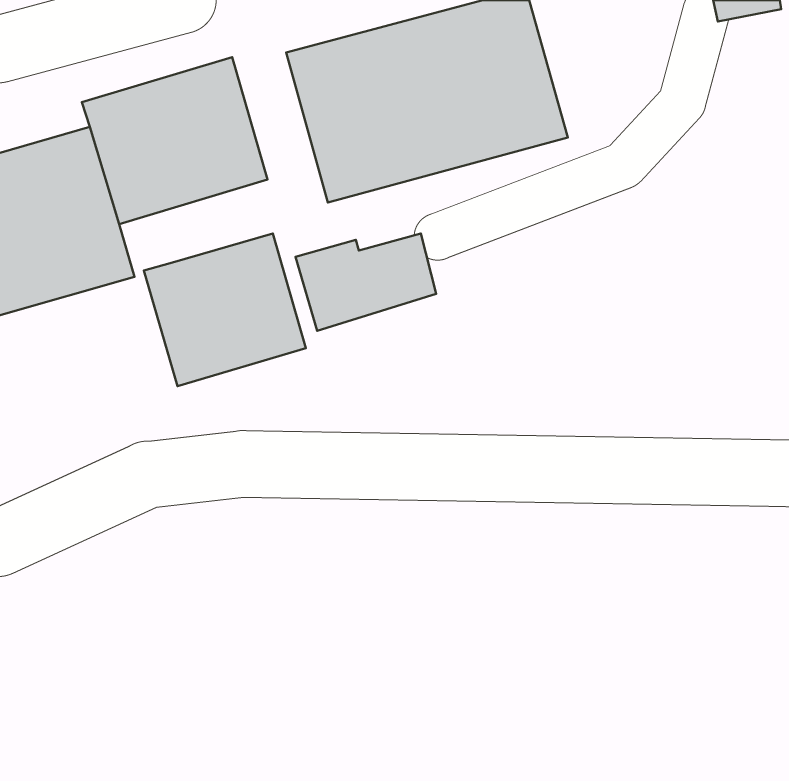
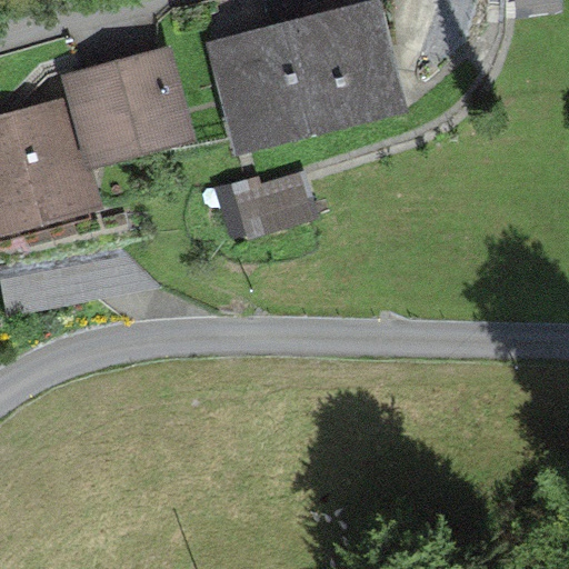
building: [144,233,306,386] -> none

